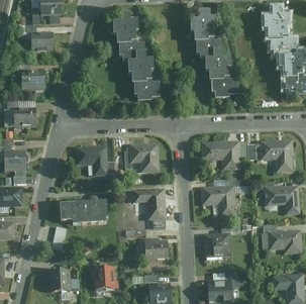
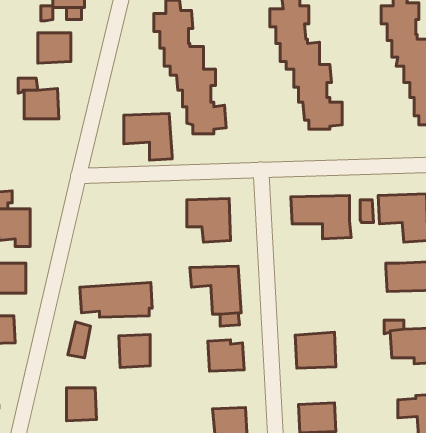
building: [13,107,35,127] -> none
building: [76,144,108,176] -> [124,114,172,160]
building: [200,184,234,217] -> none
building: [93,267,114,289] -> [119,334,150,367]

